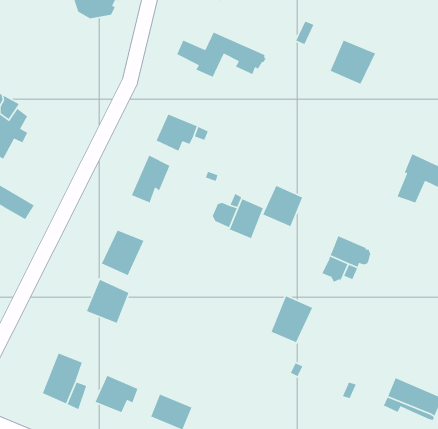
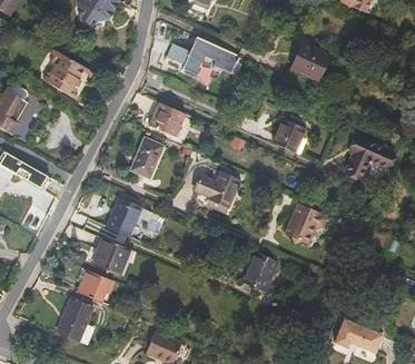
building: none -> [43,51,85,96]
building: [262,185,303,227] -> [273,118,306,153]
building: [95,375,138,413] -> [78,270,113,302]

